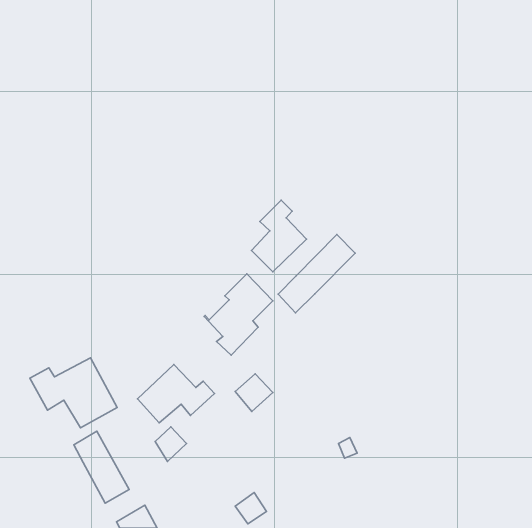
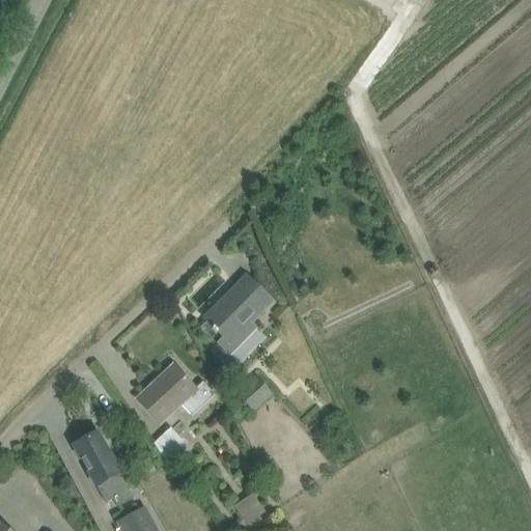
building: [252,200,307,272] -> none
building: [278,234,355,313] -> none
building: [30,358,117,428] -> none

